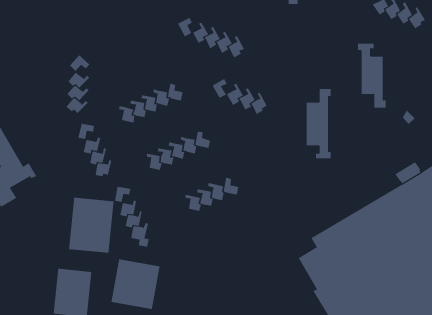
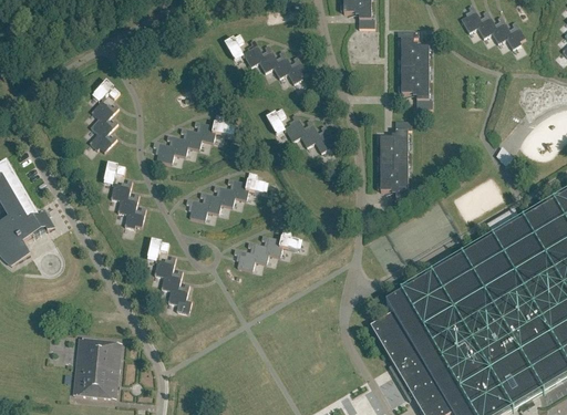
building: [357,43,386,108] -> [396,30,432,108]
building: [68,197,114,254] -> none
building: [111,259,160,310] -> none

